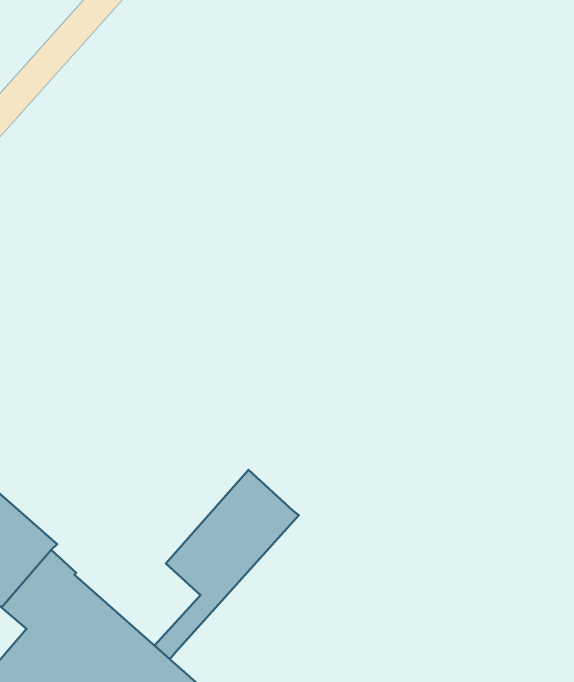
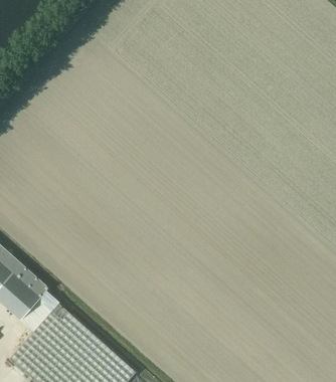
building: [154,470,299,659] -> none

